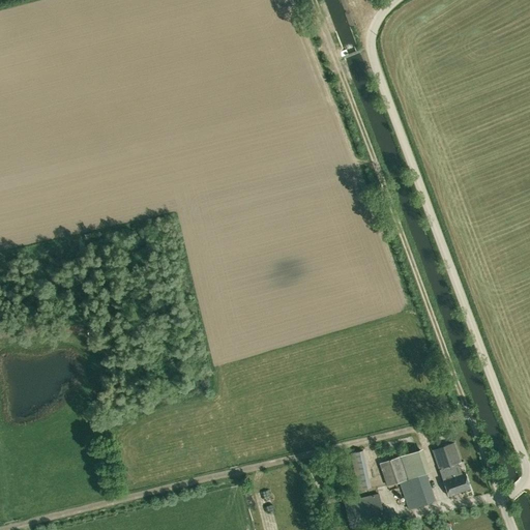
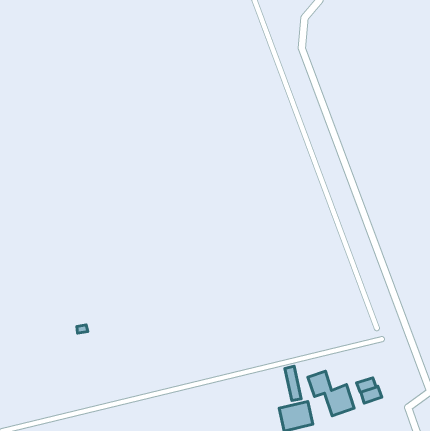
building: [431,442,461,470] -> none
building: [400,449,426,479] -> none

